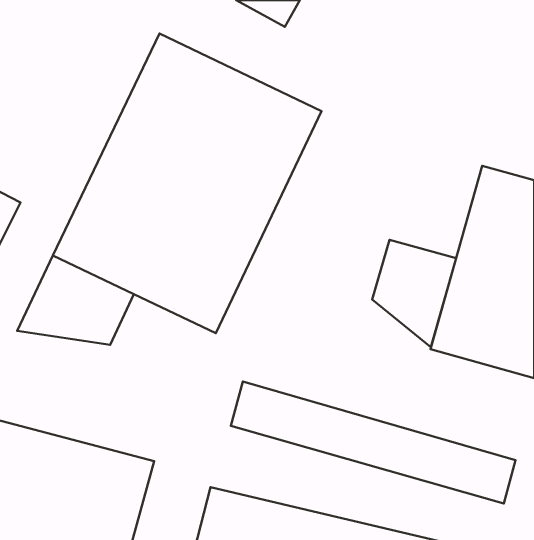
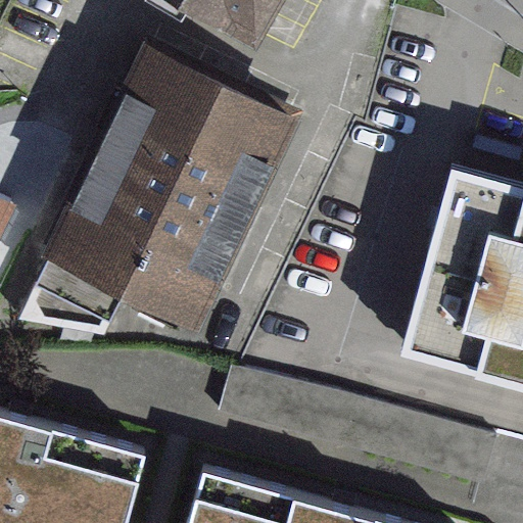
building: [372,240,456,347] -> none

